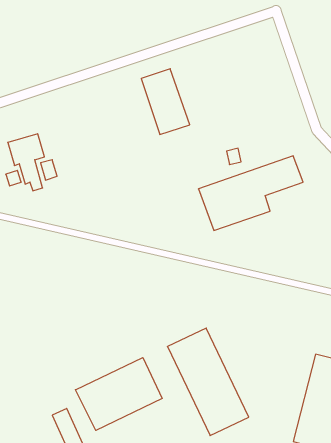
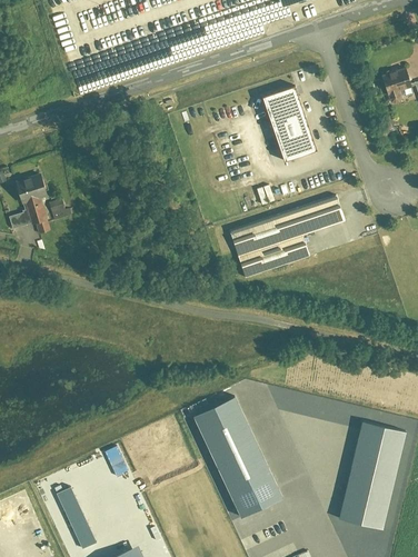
building: [141,69,190,134] -> [262,88,318,163]
building: [75,358,162,430] -> none

